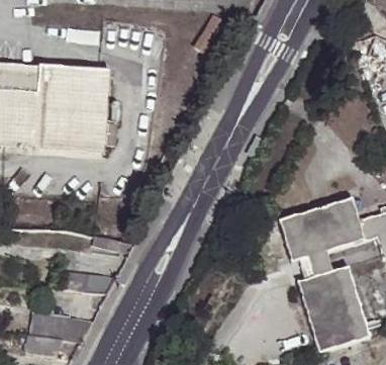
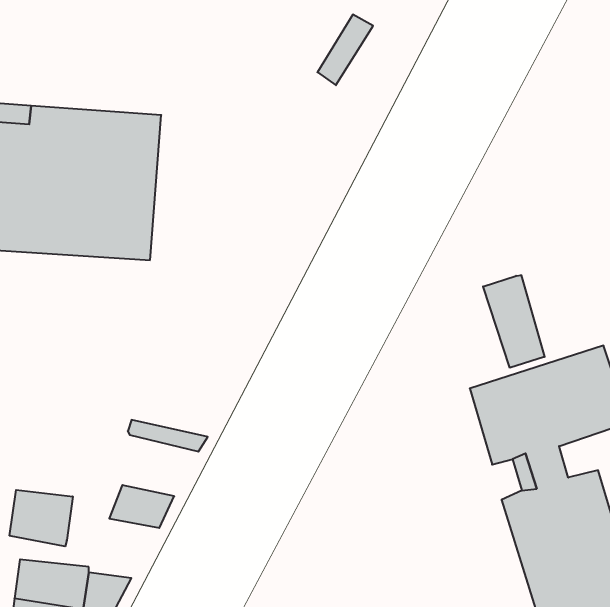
building: none -> [483,275,545,368]
building: none -> [10,490,73,546]

